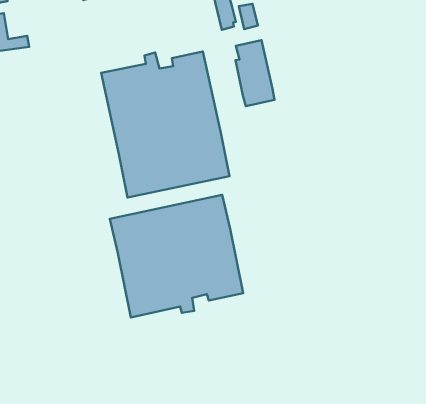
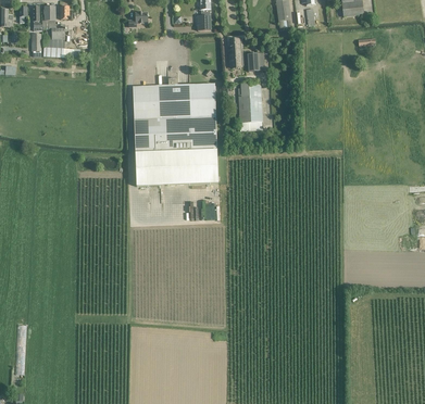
building: [110,195,243,317] -> none

